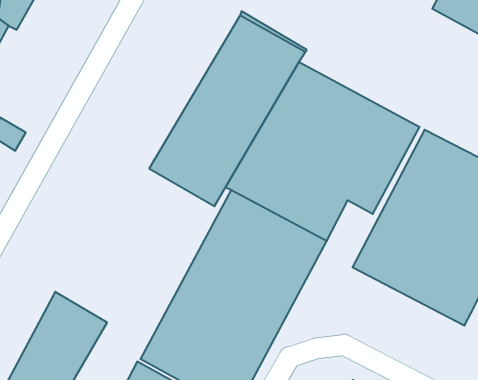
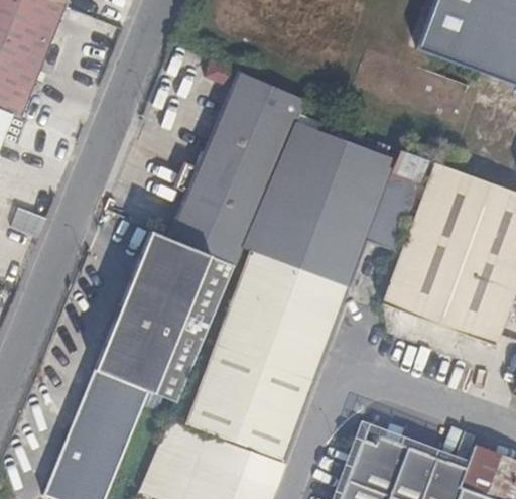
building: none -> [92,234,234,406]

